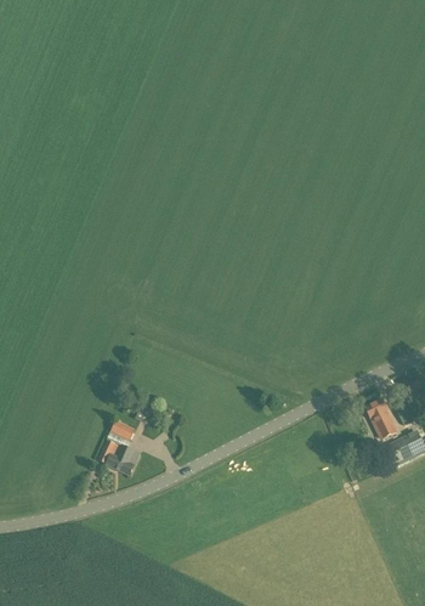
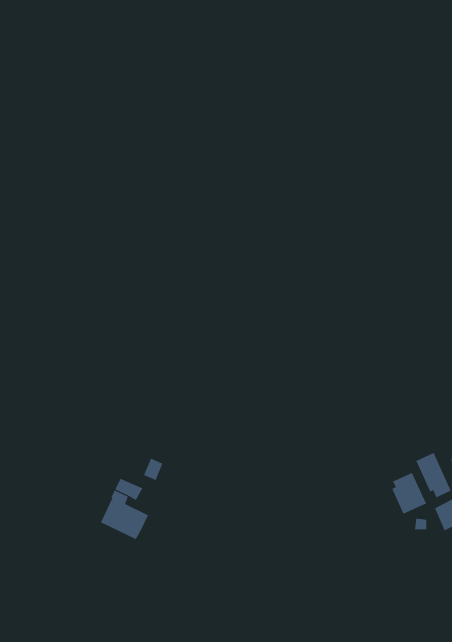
building: none -> [391,472,427,515]

